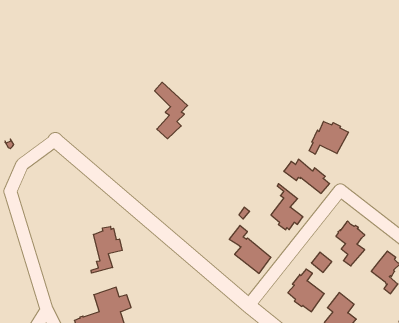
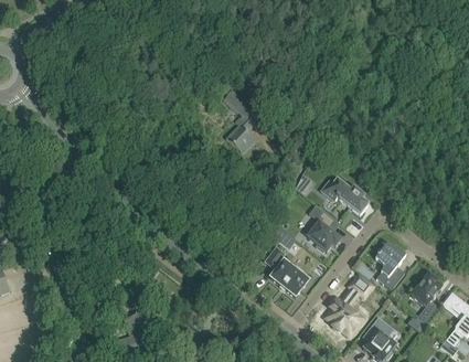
building: [155,82,188,139] -> [223,89,257,148]
building: [309,121,348,154] -> none
building: [91,226,122,273] -> none

